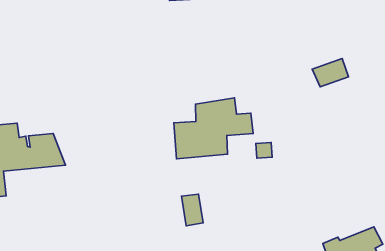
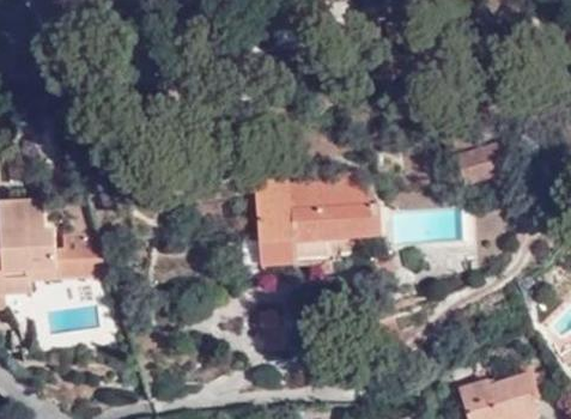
building: none -> [259,180,294,215]

